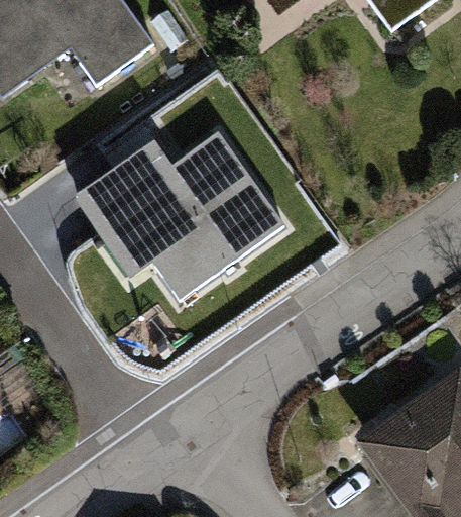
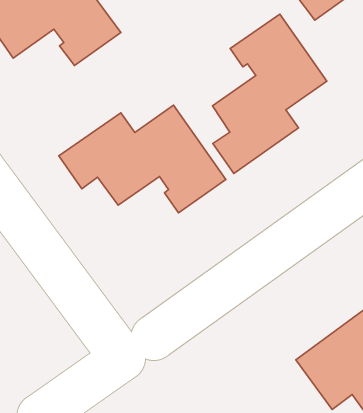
building: none -> [213,14,327,173]

